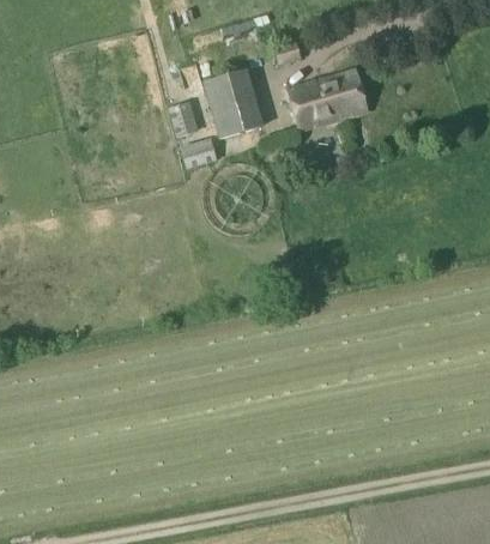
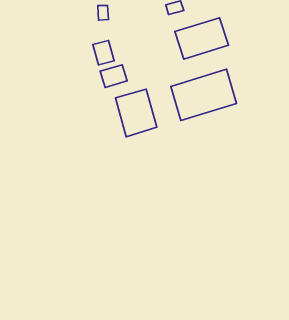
building: [201,68,262,139] -> [115,89,157,137]
building: none -> [171,69,236,121]

